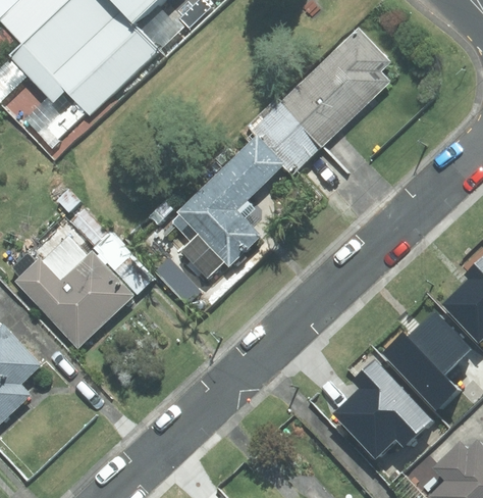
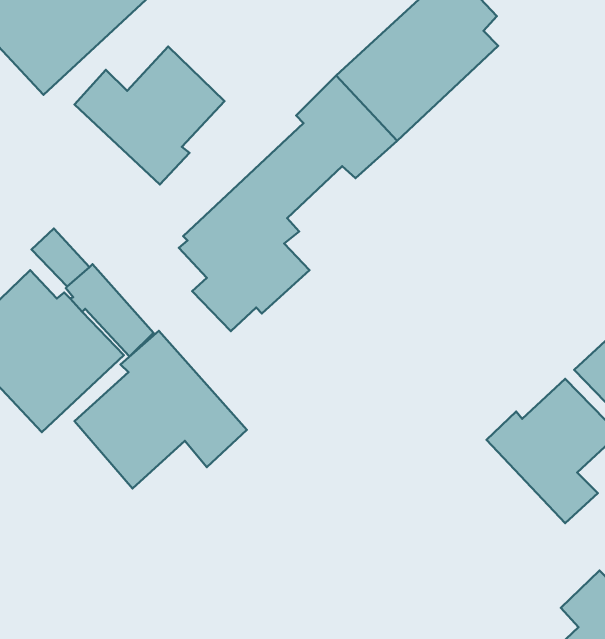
building: none -> [74,47,224,185]
building: none -> [74,331,247,488]
building: [332,358,433,459] -> none

